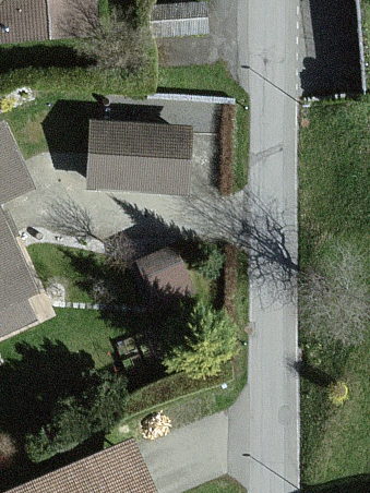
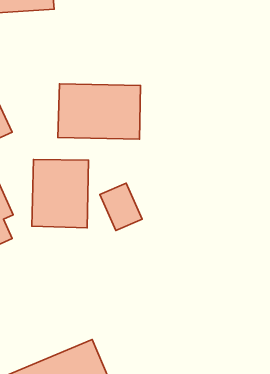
building: none -> [32,160,89,228]

